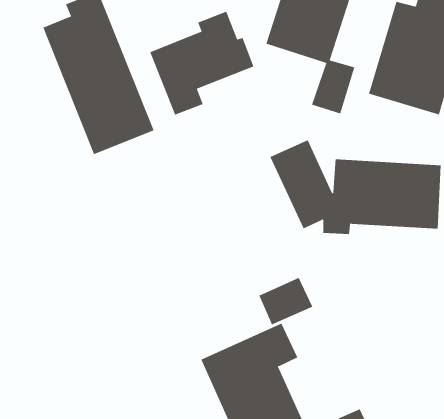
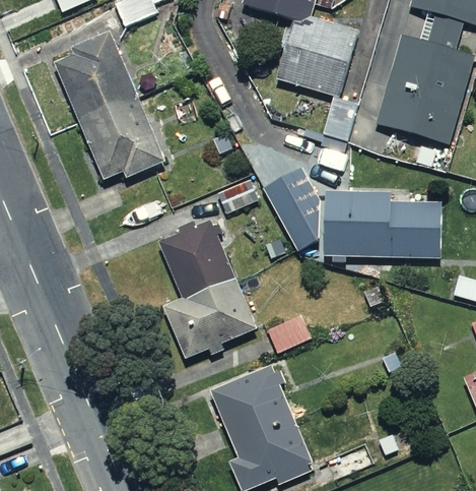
building: [149,11,254,115] -> none
building: none -> [156,220,260,359]

